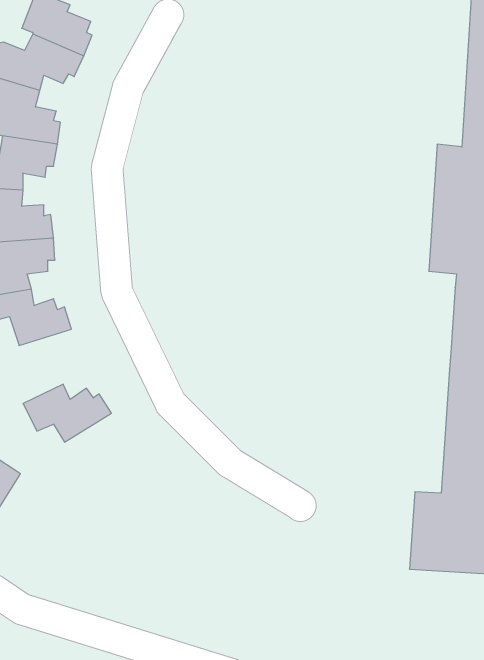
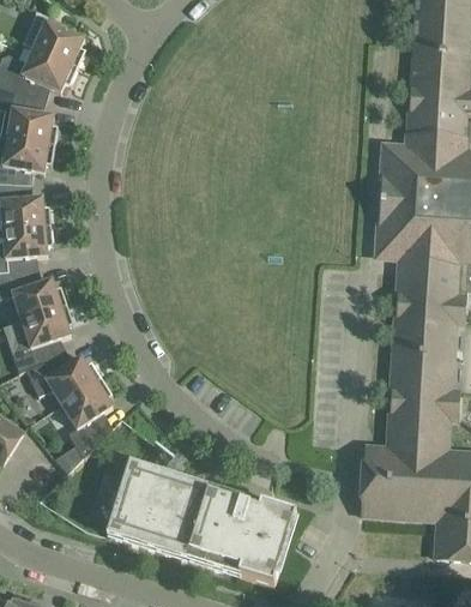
building: none -> [11,305,73,372]
building: none -> [61,378,113,456]
building: none -> [107,462,296,585]

